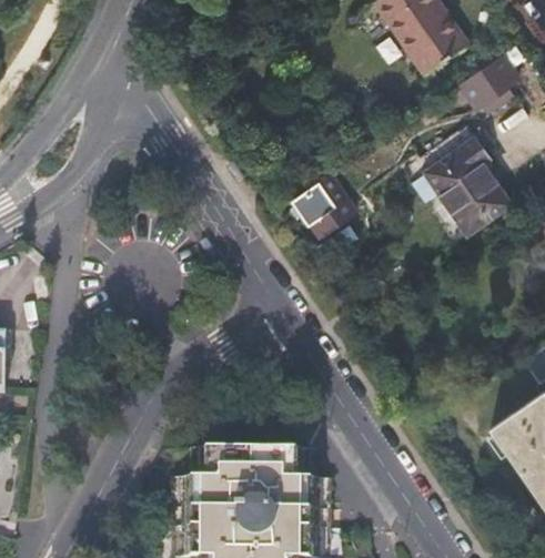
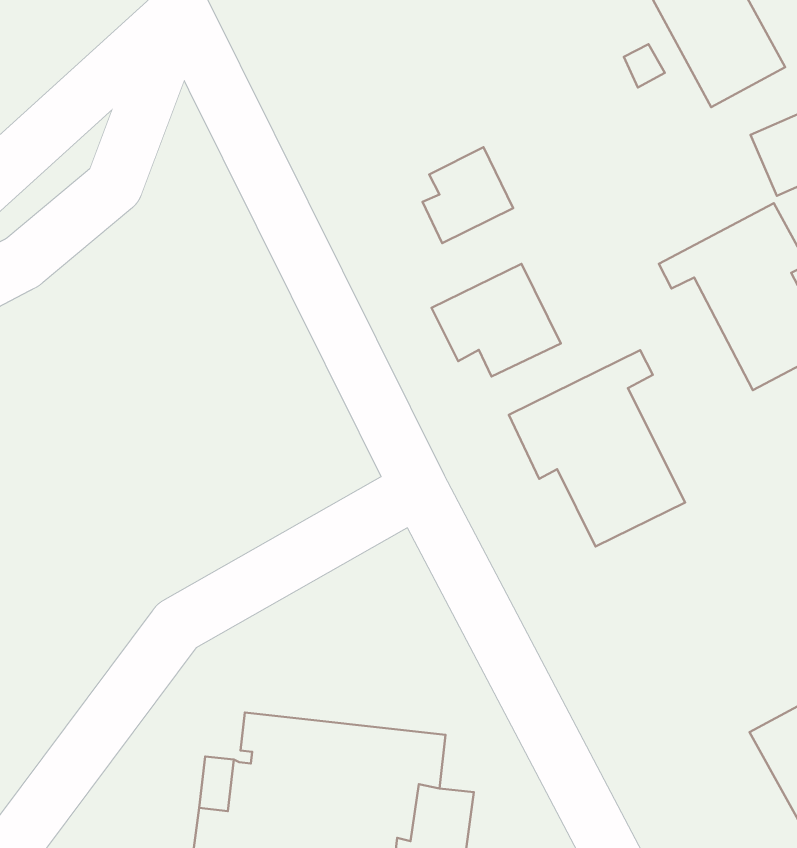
building: none -> [423,147,513,243]
building: none -> [509,350,685,546]

